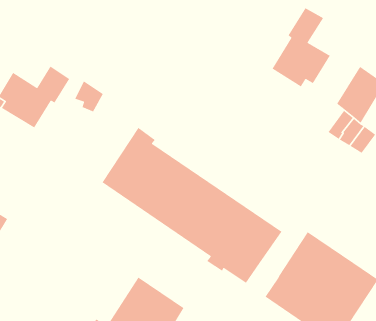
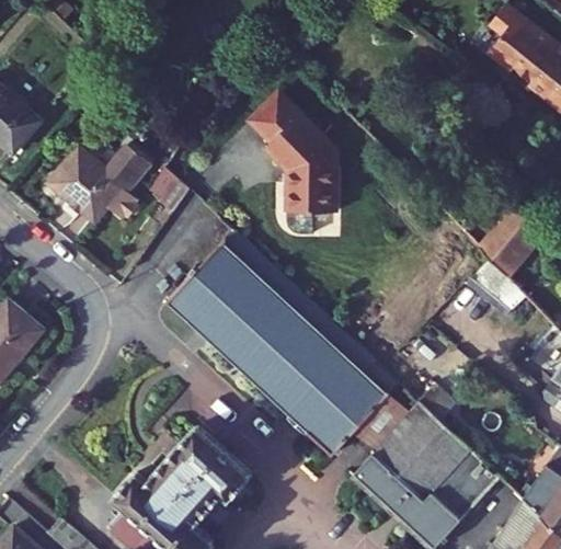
building: [272,7,331,88] -> none
building: none -> [250,92,336,233]
building: none -> [355,398,409,453]

